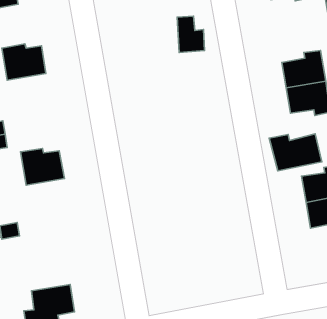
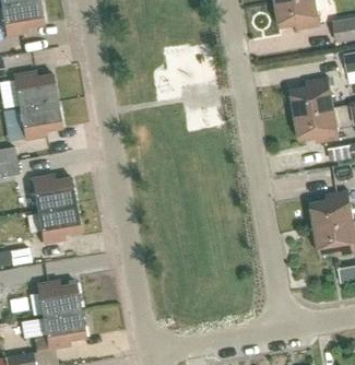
building: none -> [17,101,60,140]
building: [269,134,322,171] -> none
building: none -> [36,204,79,243]
building: none -> [36,281,80,316]

